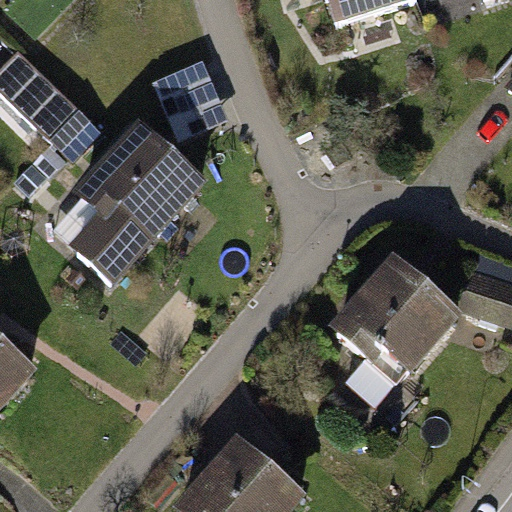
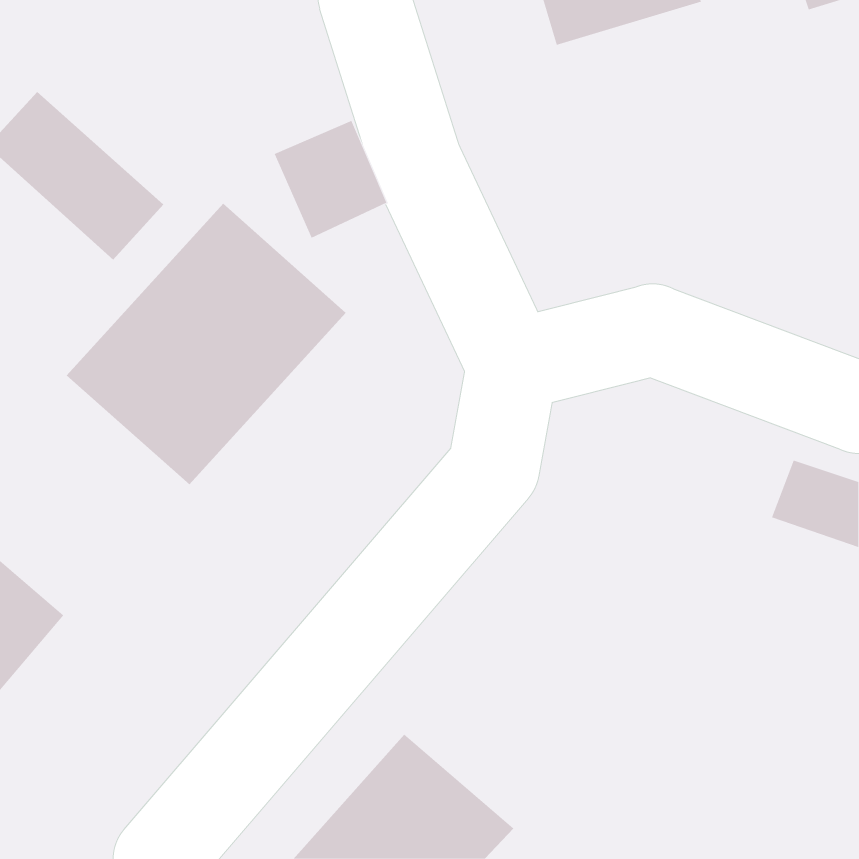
building: [331,254,466,408] -> none

